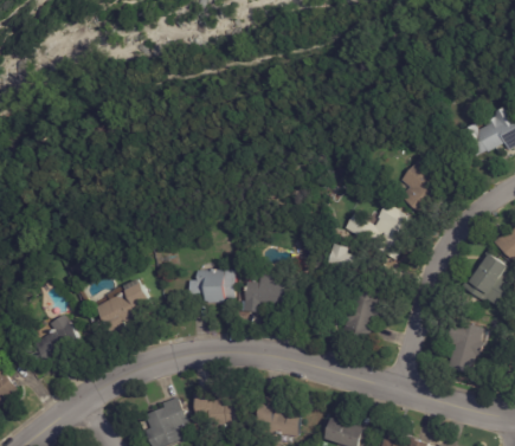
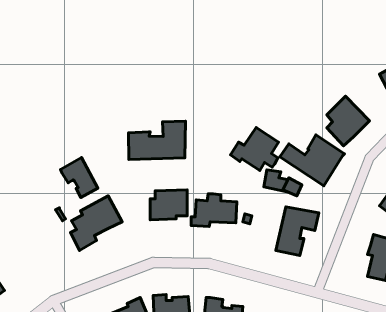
building: none -> [129,121,185,160]
building: none -> [230,128,279,171]
building: none -> [60,158,98,197]
building: [33,312,82,370] -> none

